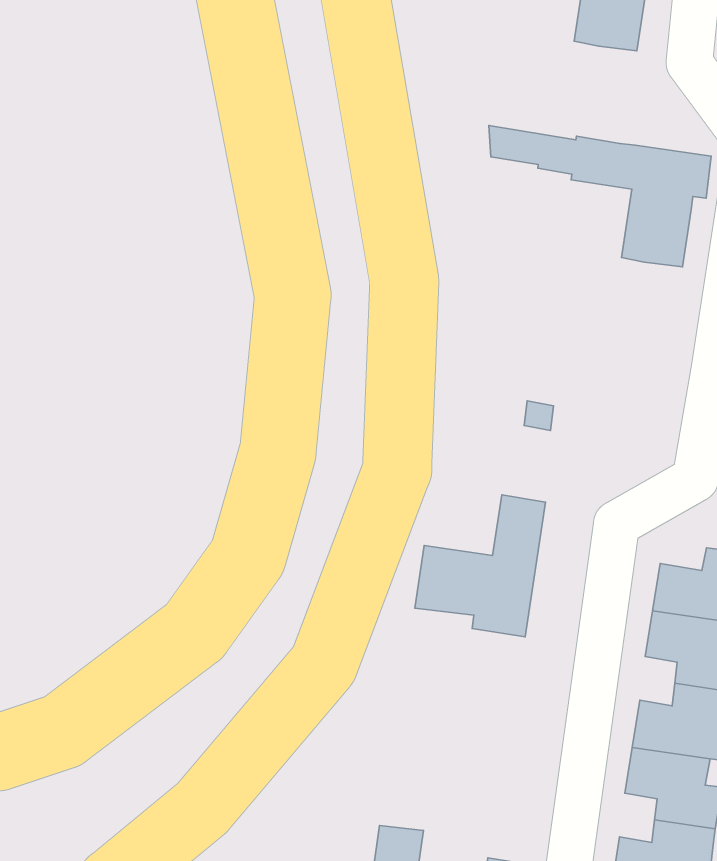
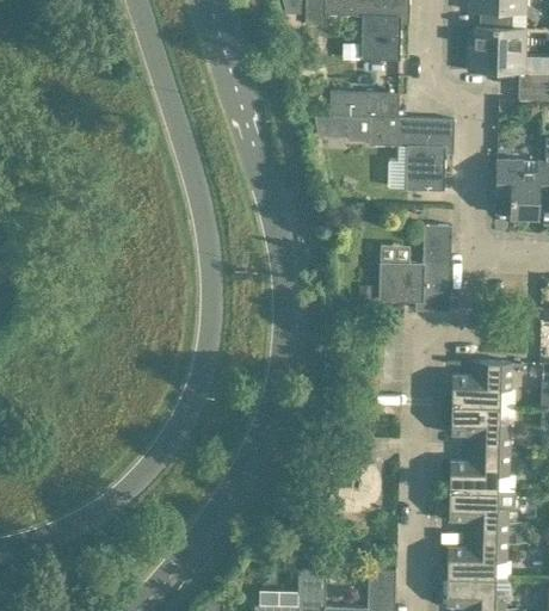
building: none -> [333,90,397,116]
building: [415,495,545,637] -> [378,222,451,308]

